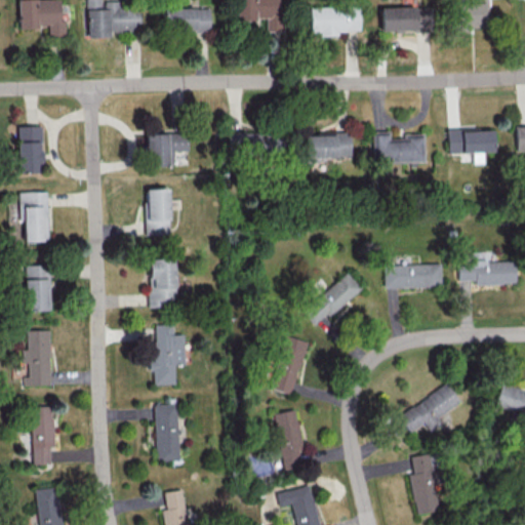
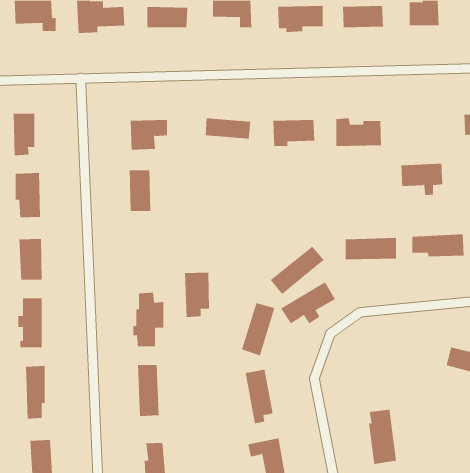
building: [448,128,495,164] -> [400,163,443,196]
building: [149,257,177,308] -> [184,272,210,317]
building: [400,385,461,432] -> [280,281,336,324]

